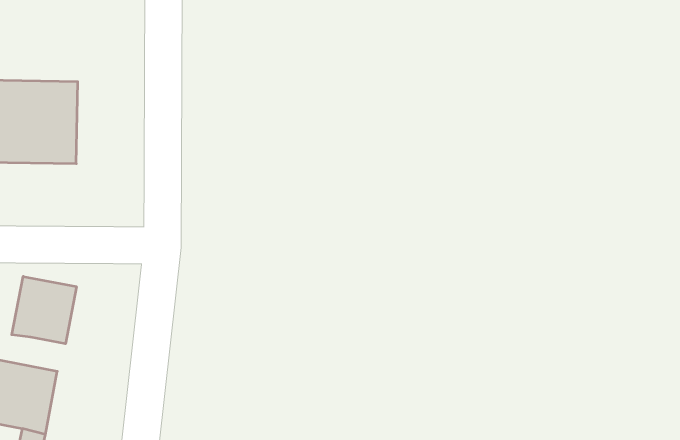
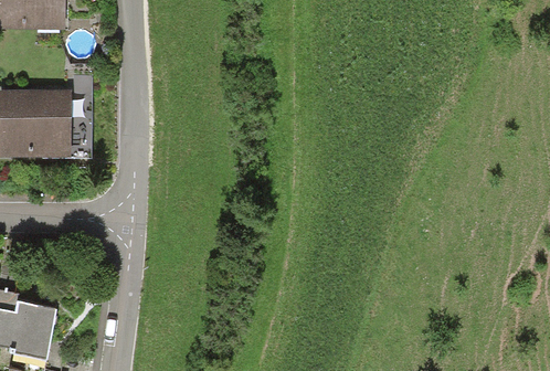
building: [12,276,76,344] -> none

